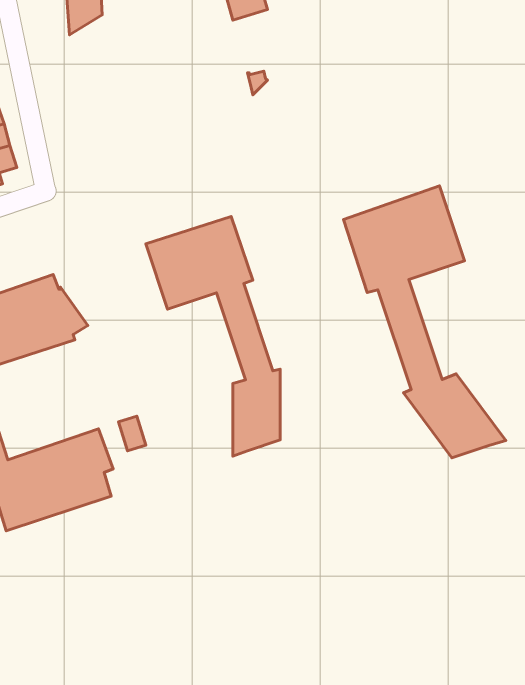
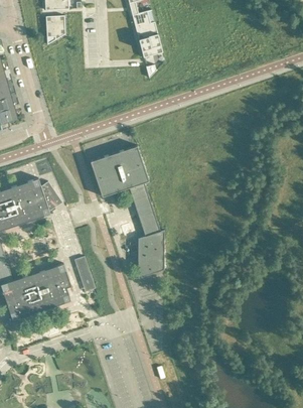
building: none -> [138,30,163,57]
building: [344,186,506,458] -> none

